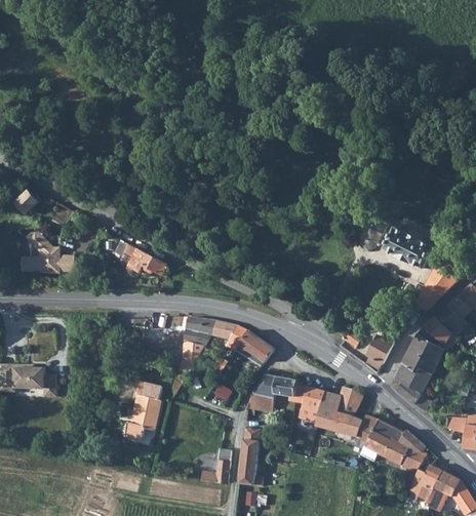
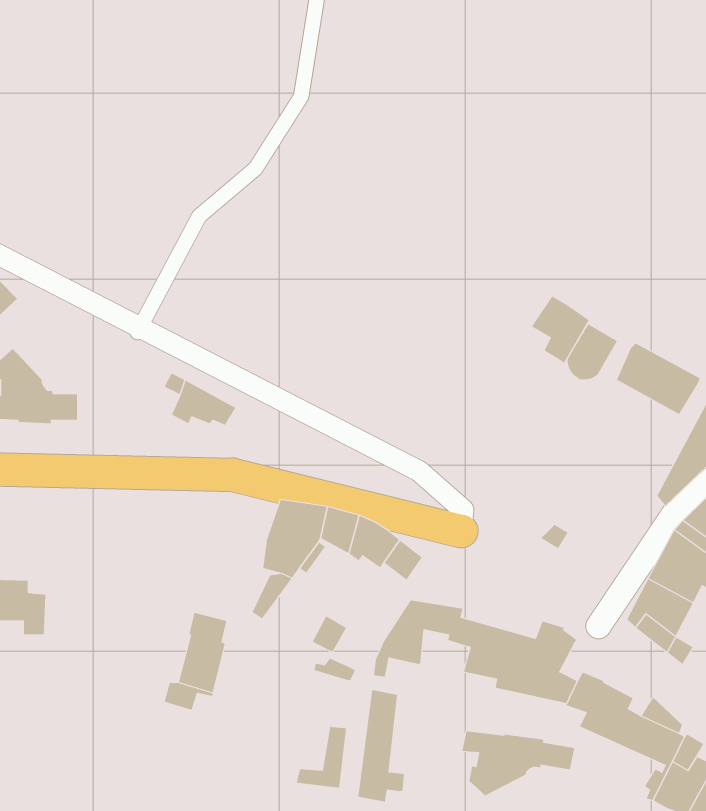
building: none -> [531,296,590,363]
building: [363,333,395,372] -> none
building: none -> [462,730,575,796]

